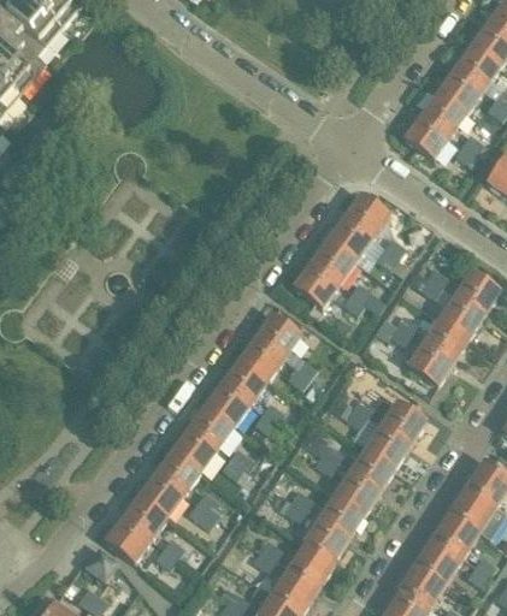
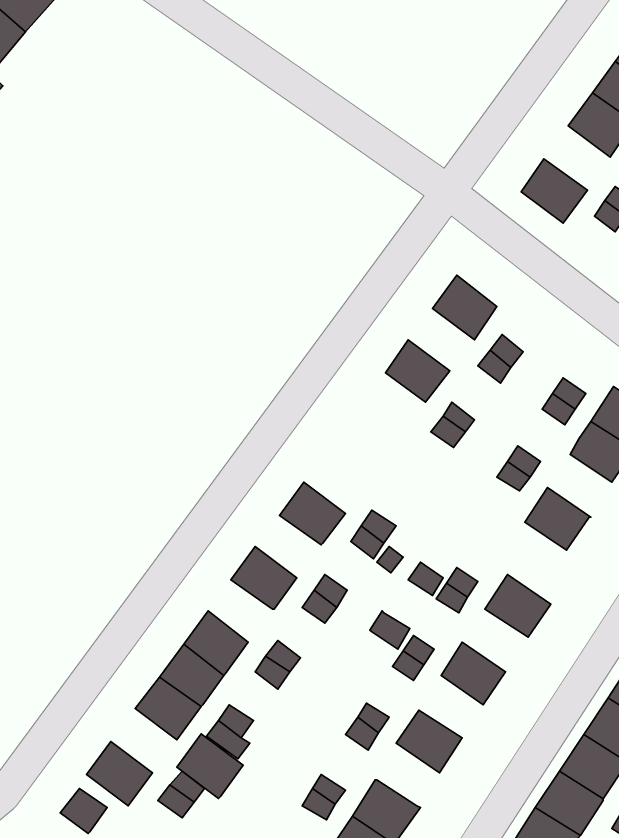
building: [420,91,466,136] -> none
building: [326,218,372,261] -> none
building: [293,262,338,307] -> none
building: [254,315,300,360] -> none
building: [423,319,467,362] -> none
building: [220,361,266,404] -> none
building: [188,405,232,449] -> none
building: [364,426,409,469] -> none
building: [334,472,378,515] -> none
building: [120,494,166,539] -> [177,734,243,798]
building: [302,519,348,562] -> none

